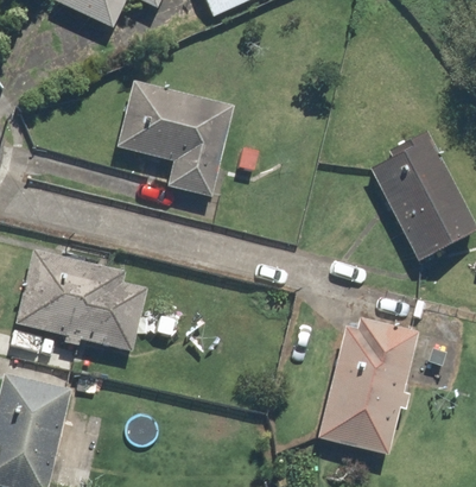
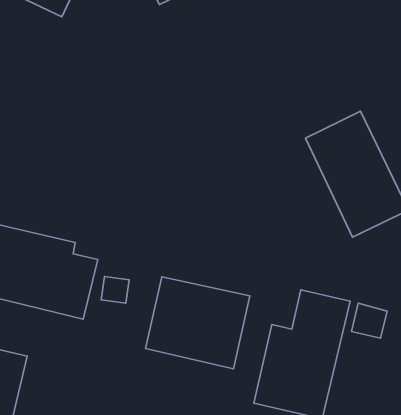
building: [113,80,231,195] -> none
building: none -> [145,277,250,369]

